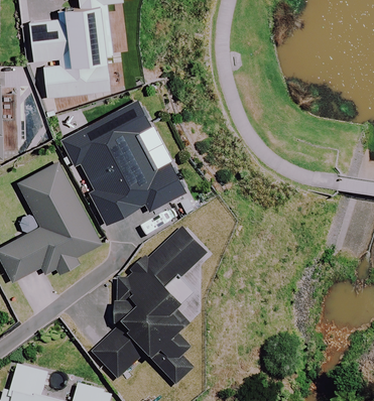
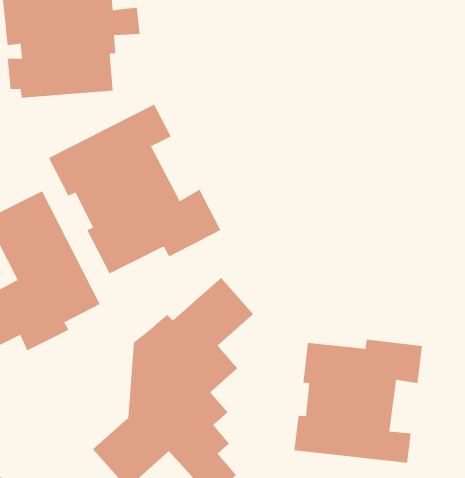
building: none -> [294,339,423,463]

